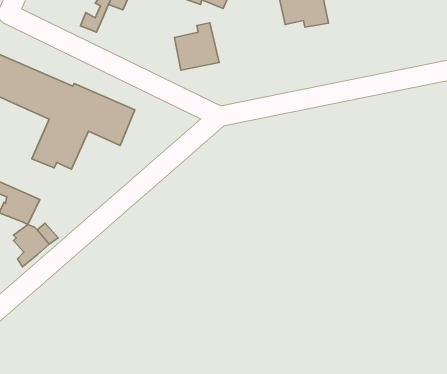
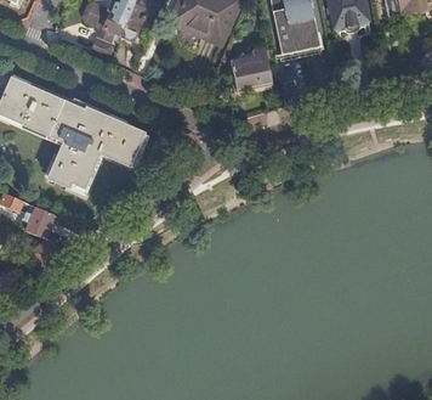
building: [174,23,219,70] -> [232,47,273,91]

